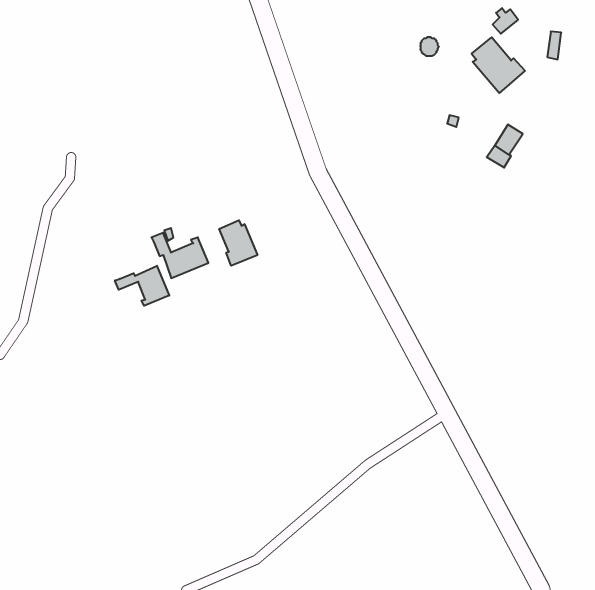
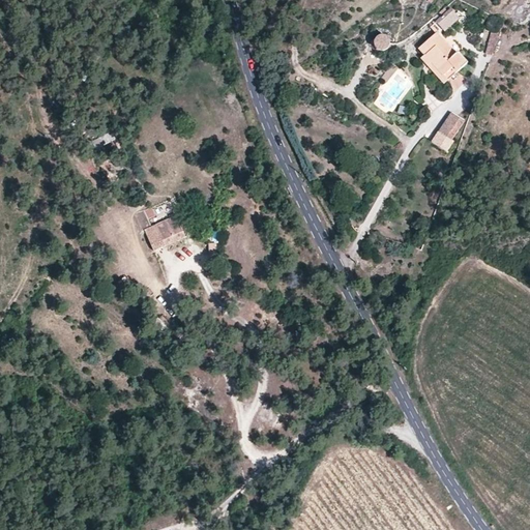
building: [219,220,257,266] -> none
building: [115,266,169,306] -> none

